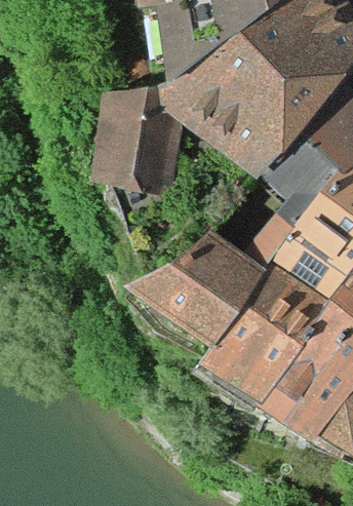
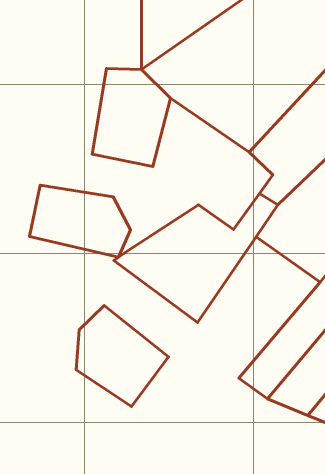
building: none -> [30,185,131,257]
building: [200,262,334,402] -> none
building: none -> [76,305,169,407]

